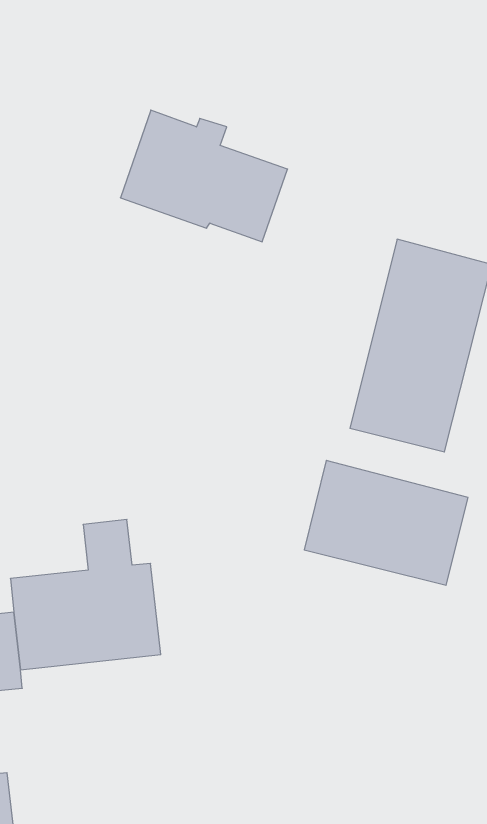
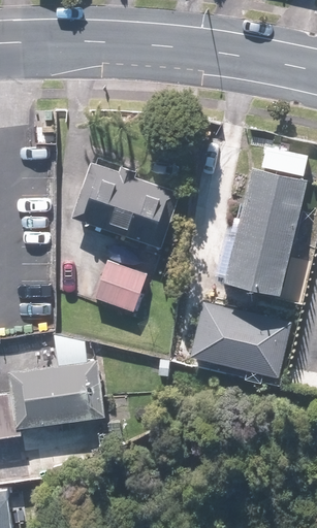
building: [120,110,288,242] -> [72,162,175,242]
building: none -> [97,261,151,312]

